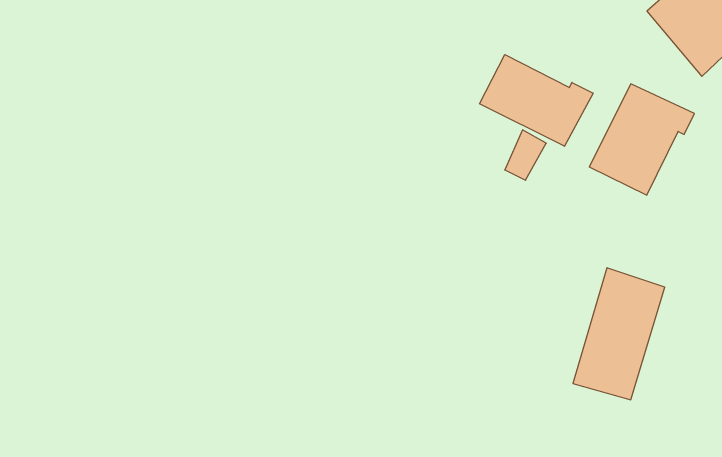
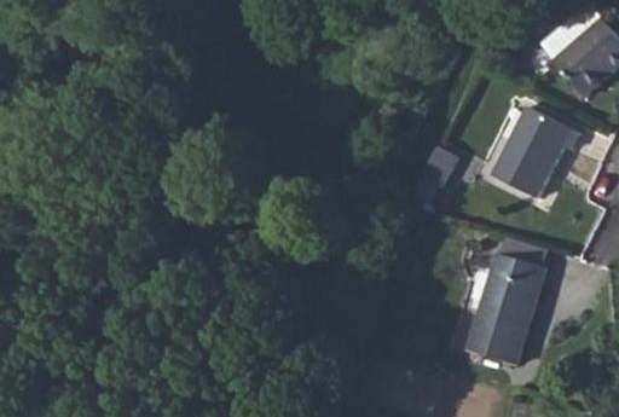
building: [480,55,593,146] -> none

